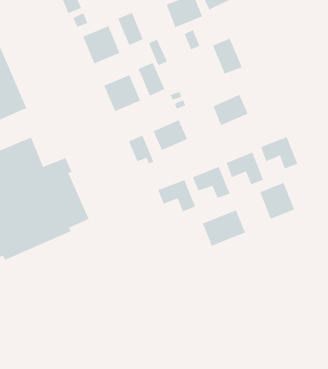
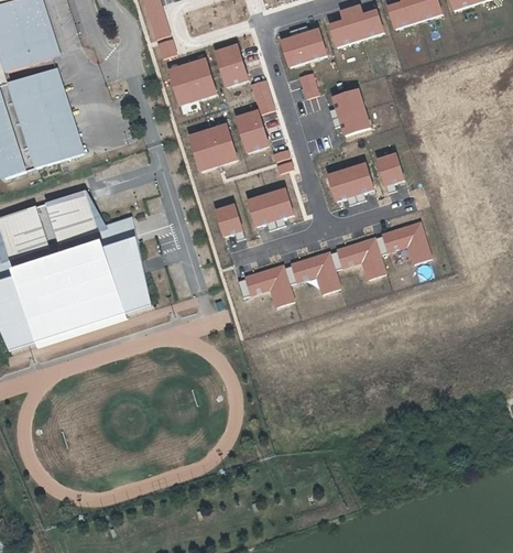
building: none -> [376,153,402,185]
building: [260,182,295,220] -> none
building: [202,210,246,247] -> none

